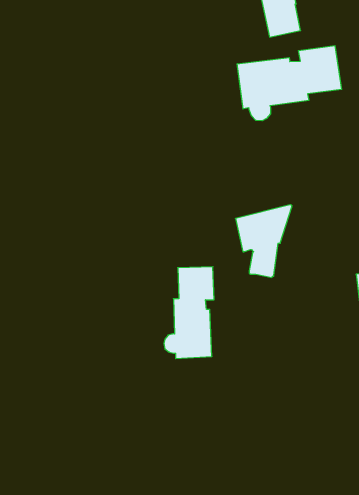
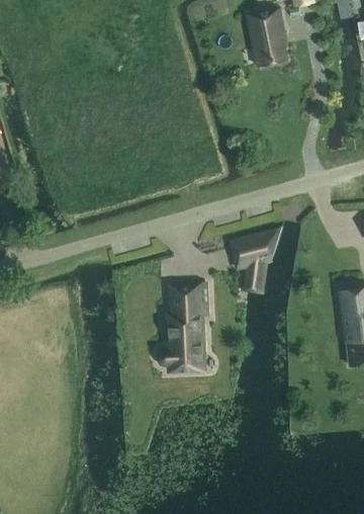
building: [237,46,342,121] -> none

